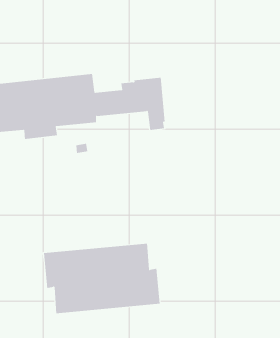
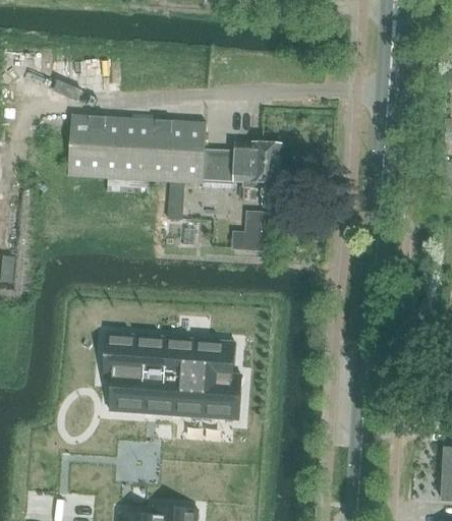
building: none -> [233,211,264,250]

